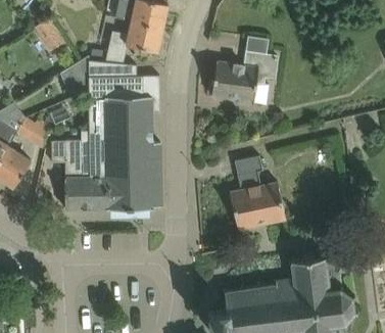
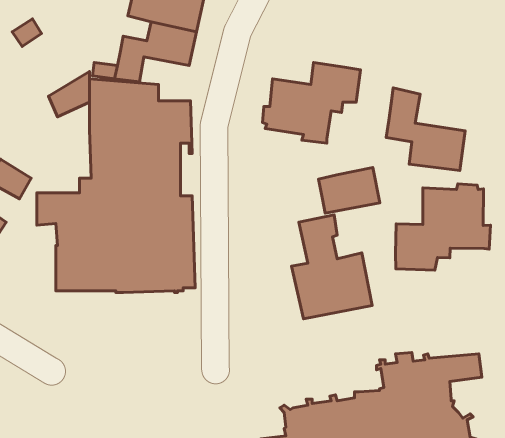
building: none -> [386,88,465,170]
building: none -> [318,167,380,213]
building: none -> [395,184,491,270]

